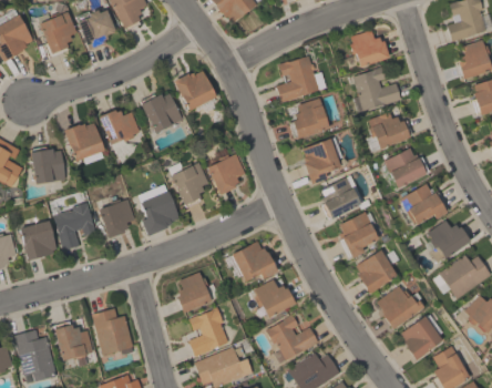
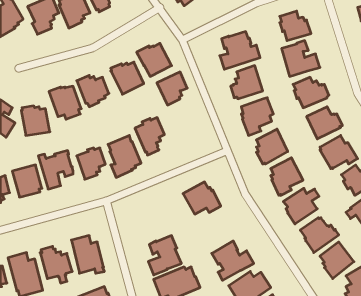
building: [207,154,245,195] -> [157,72,187,105]
building: [177,272,212,313] -> none
building: [255,279,296,318] -> none

